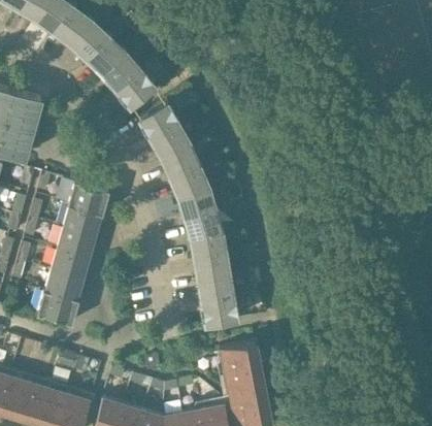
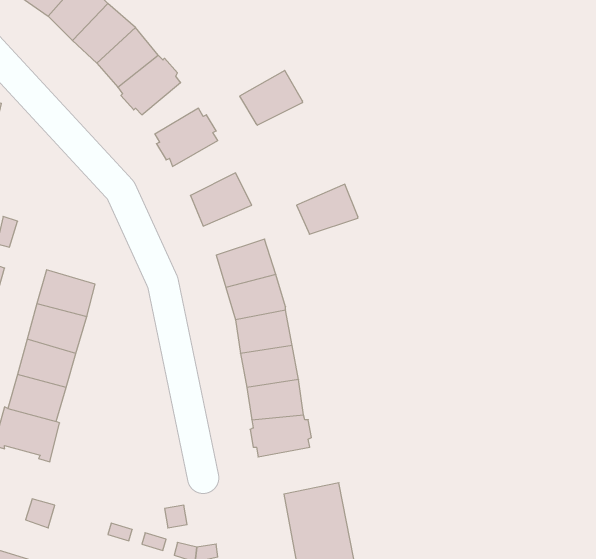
building: [151,124,191,159] -> [240,70,303,125]
building: [170,165,209,197] -> [297,184,358,234]
building: [68,182,110,217] -> none

